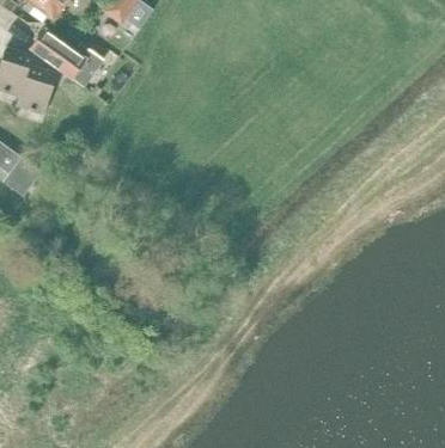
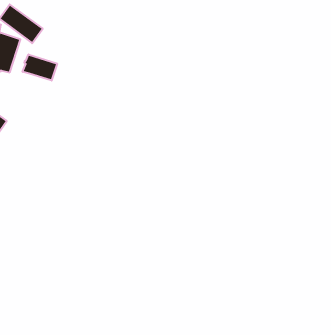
building: none -> [23,54,57,81]

